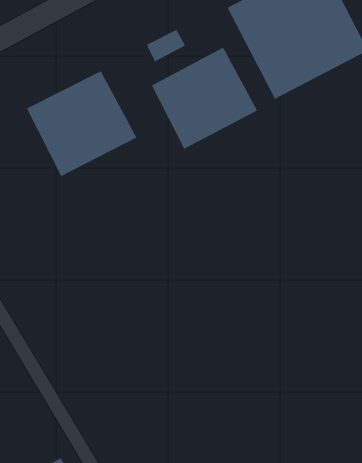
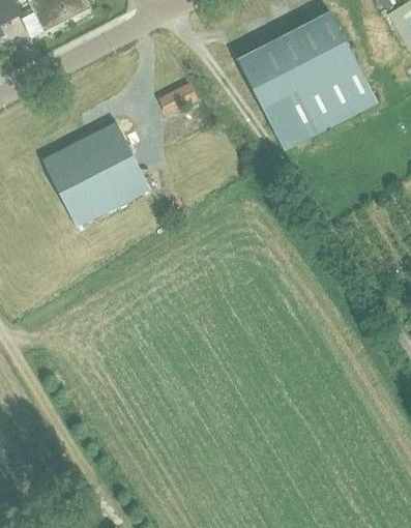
building: [151,46,258,150] -> none

